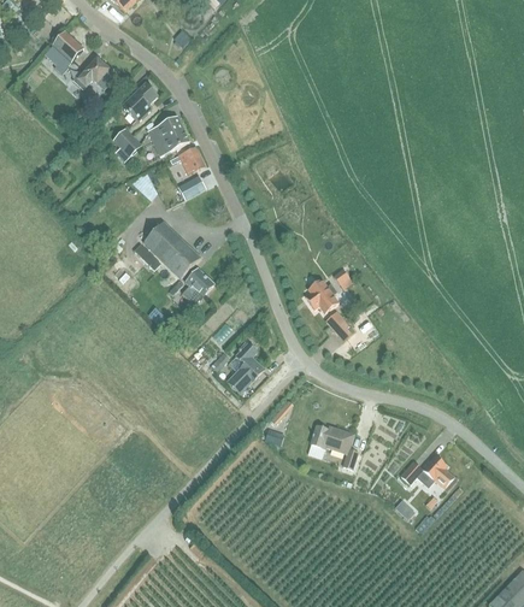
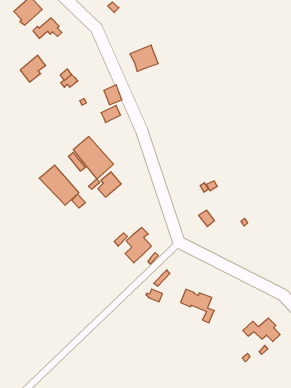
building: [122,82,157,120] -> [20,55,46,82]
building: [147,116,188,154] -> [130,45,158,71]
building: none -> [39,165,79,205]
building: [305,277,337,311] -> none

